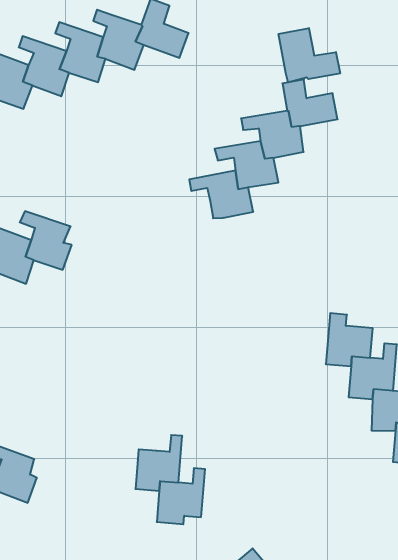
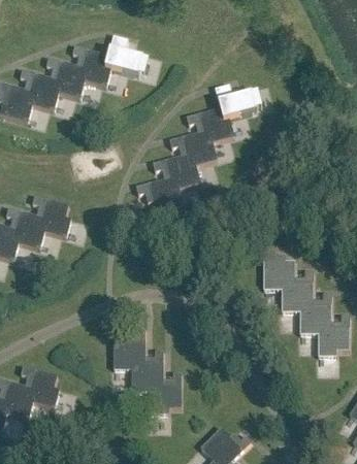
building: [279,28,340,82] -> none
building: none -> [135,178,183,214]
building: none -> [112,329,144,370]

